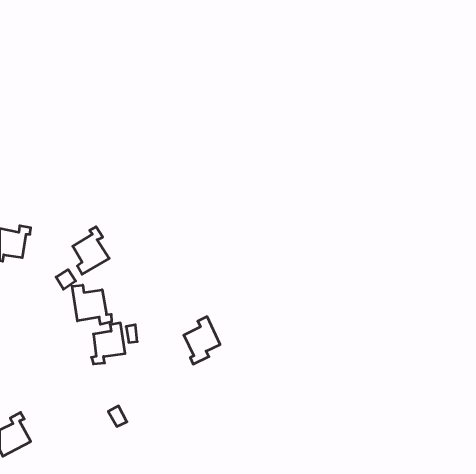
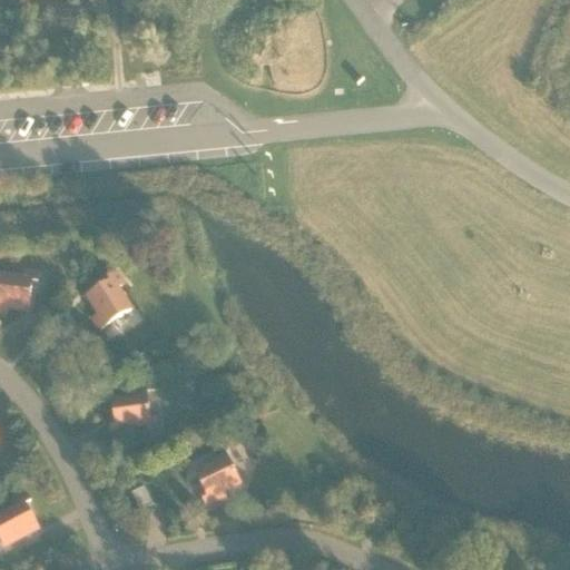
building: [72,285,112,324] -> none
building: [184,317,220,364] -> [195,449,238,505]

